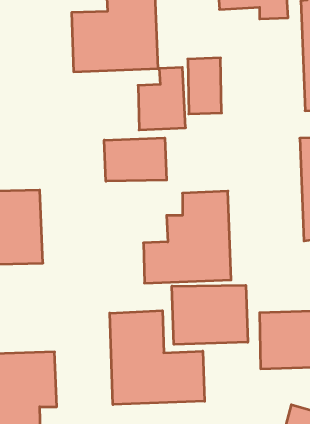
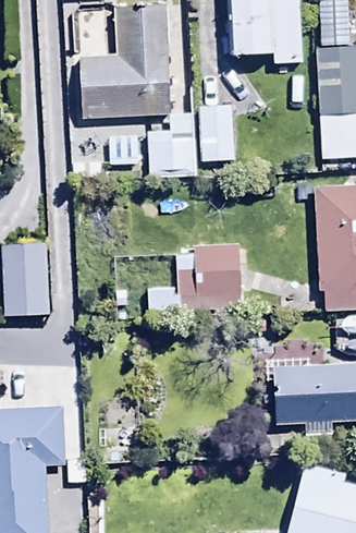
building: [104,138,167,181] -> none
building: [172,285,248,344] -> none
building: [110,311,205,405] -> none

